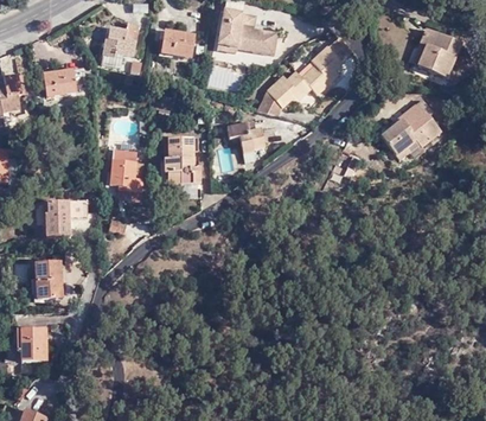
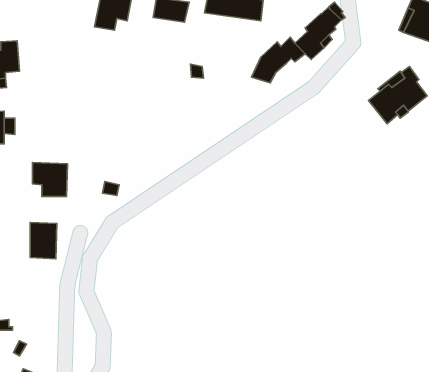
building: [44,69,87,96] -> none
building: [226,126,264,158] -> none
building: [165,138,202,191] -> none
building: [111,151,145,193] -> none
building: [25,327,51,356] -> none

